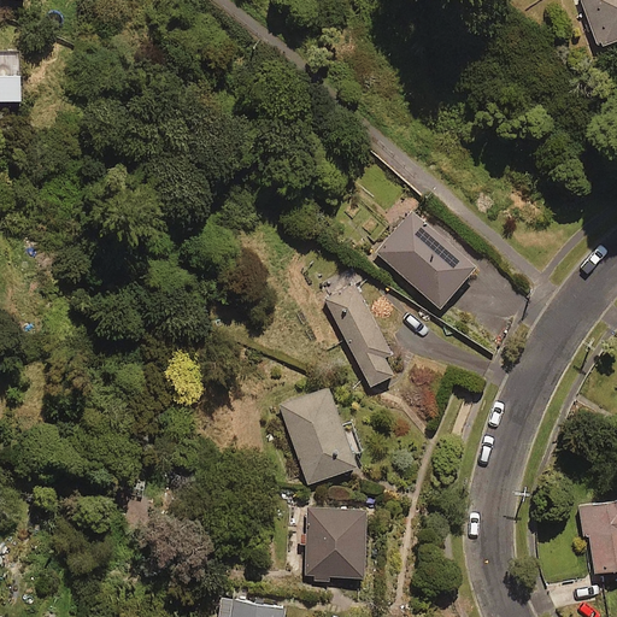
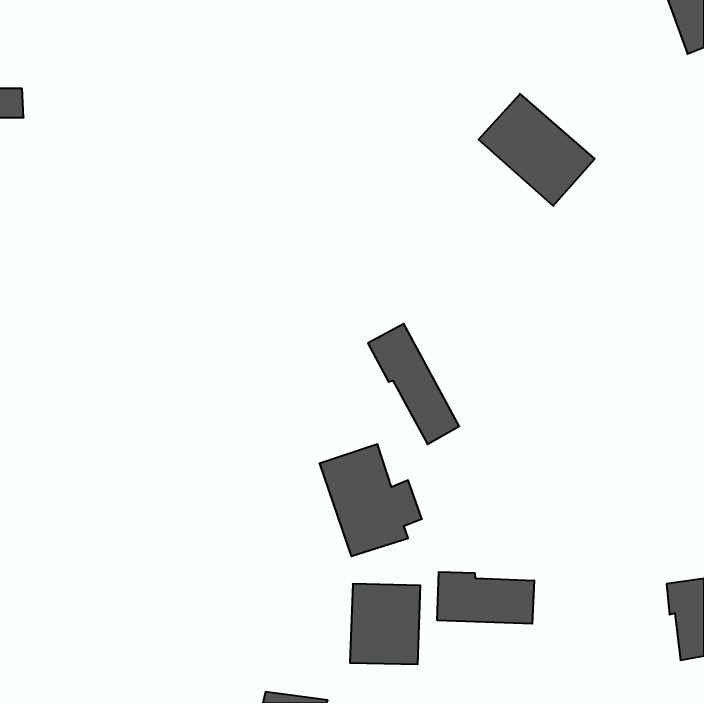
building: [375,212,476,310] -> [479,94,595,206]
building: none -> [437,572,534,624]

